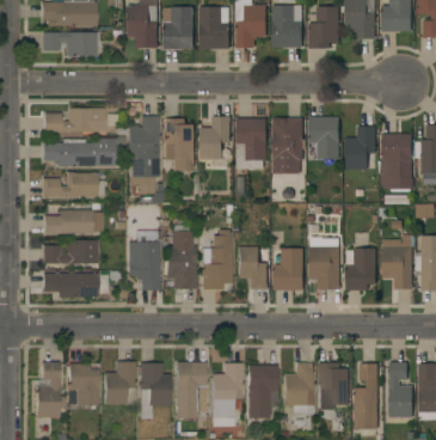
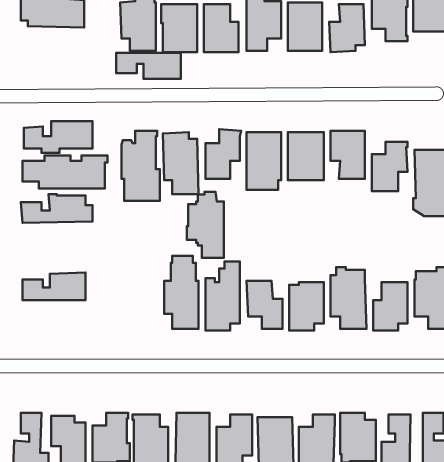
building: [42,33,98,56] -> [116,53,181,79]
building: [44,210,99,234] -> none
building: [128,234,160,292] -> [187,192,224,258]
building: [43,274,98,298] -> none

